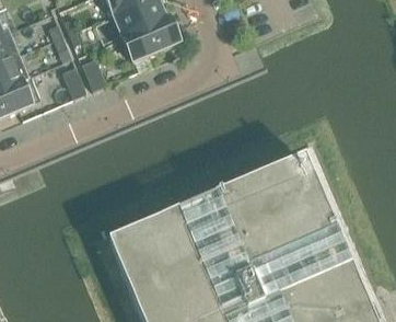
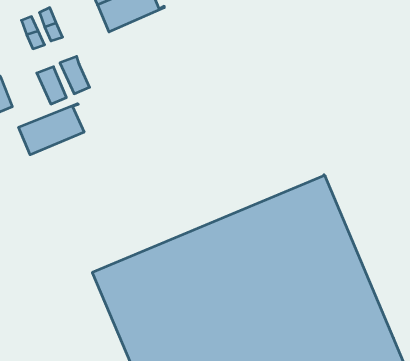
building: [123,14,180,59] -> none
building: none -> [19,104,84,155]

